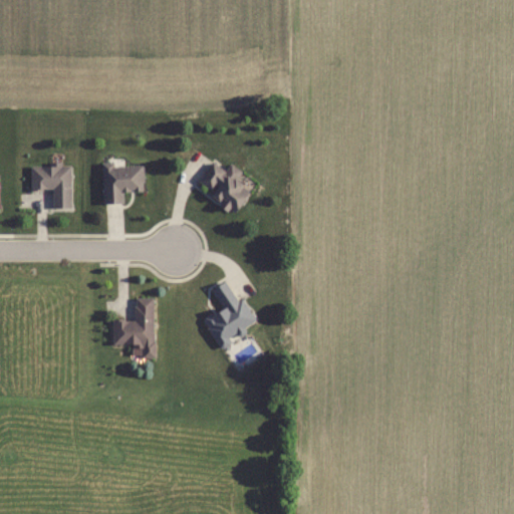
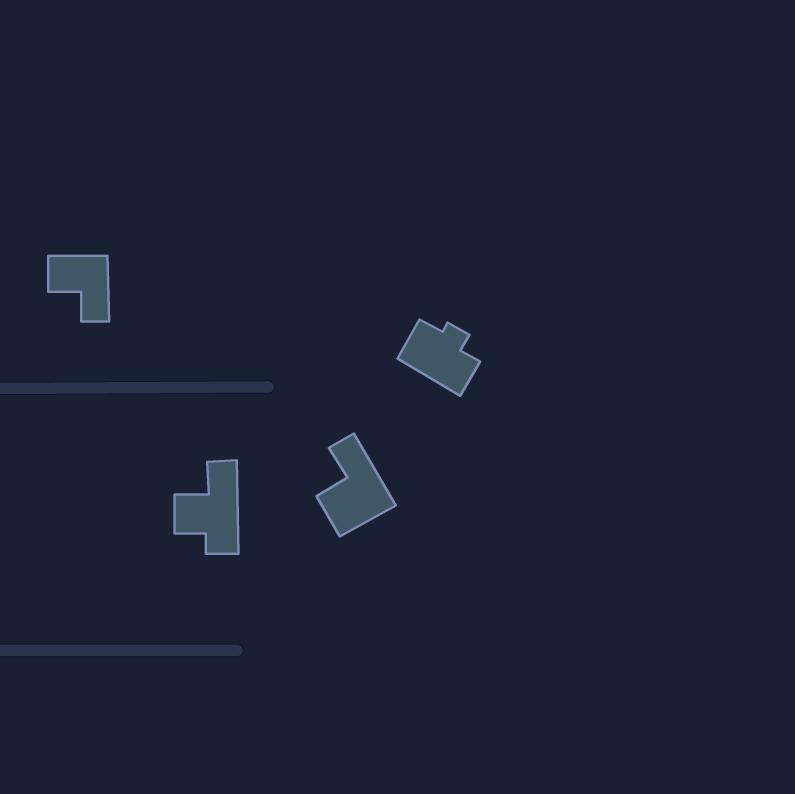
building: [198,163,251,212] -> [398,319,480,396]
building: [103,165,144,205] -> none

